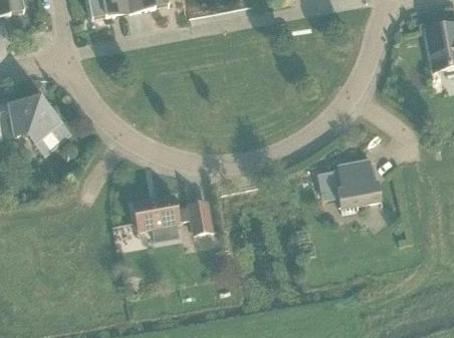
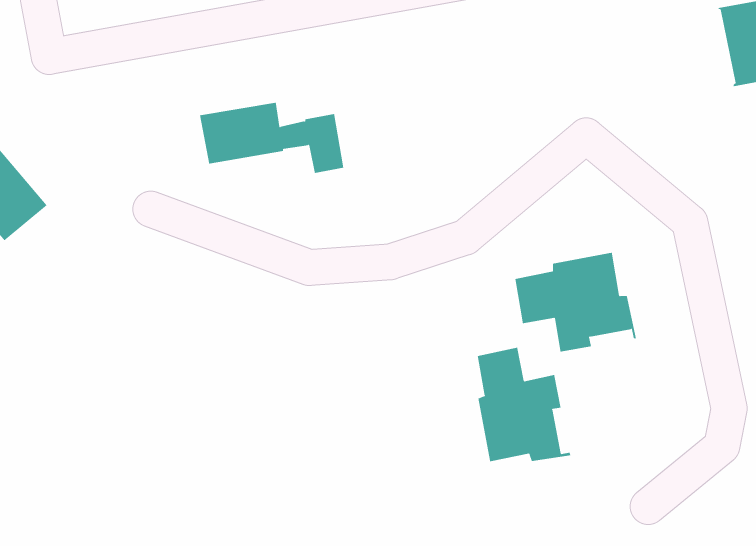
building: [134,196,211,234] -> [199,102,344,174]
building: none -> [477,347,571,462]

